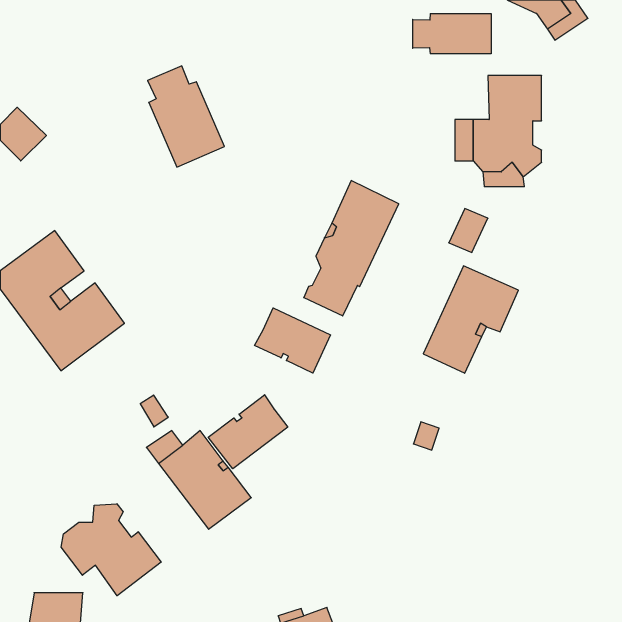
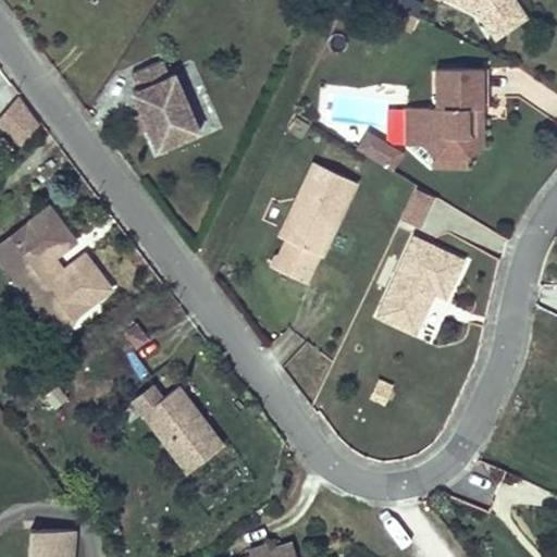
building: [413,14,491,54] -> none
building: [255,308,330,373] -> none
building: [208,395,288,469] -> none
building: [61,504,161,596] -> none

